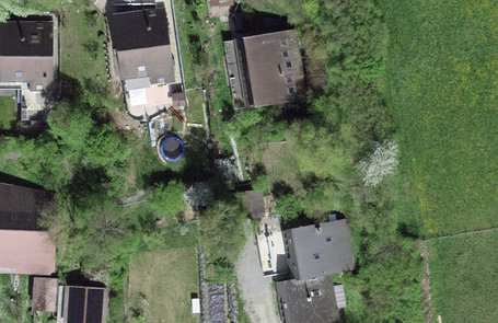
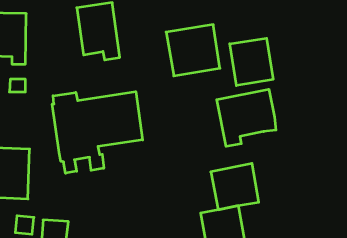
building: none -> [230,38,273,86]
building: none -> [217,89,276,146]
building: none -> [52,92,143,173]

